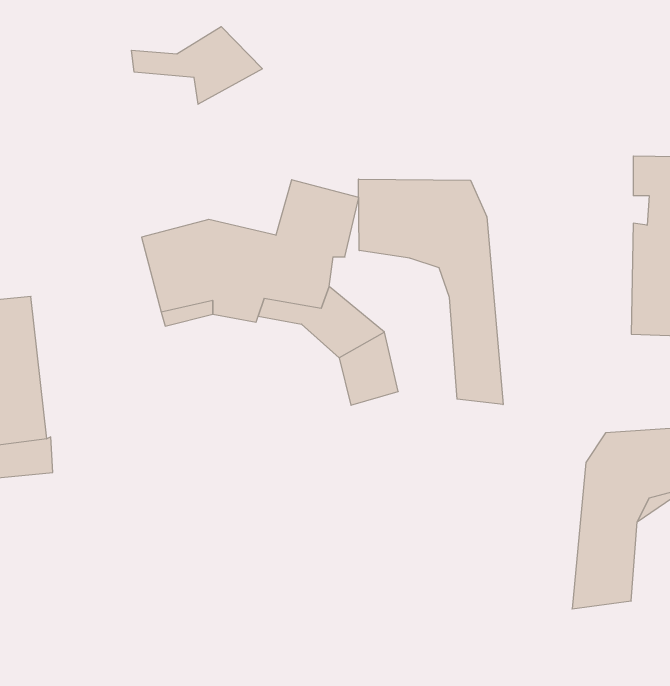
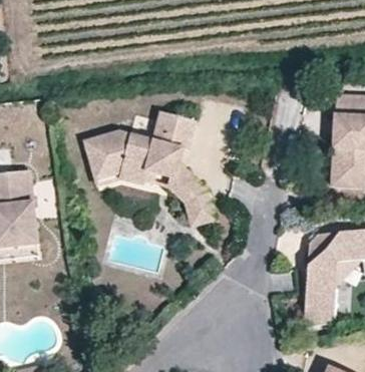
building: [132,27,262,104] -> none
building: [359,179,503,405] -> none

